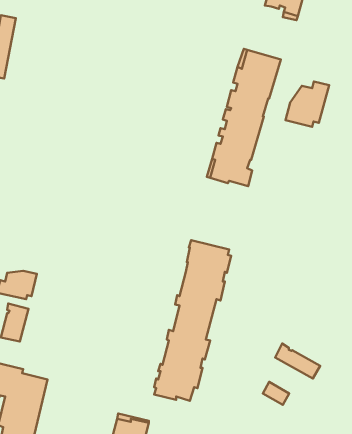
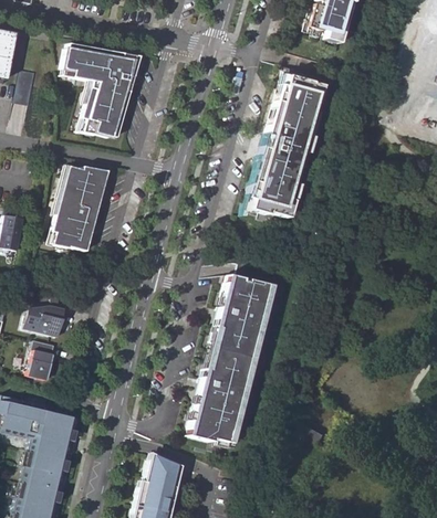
building: none -> [63,44,141,138]
building: [286,82,329,127] -> none
building: none -> [49,167,108,252]
building: [275,344,320,378] -> none

